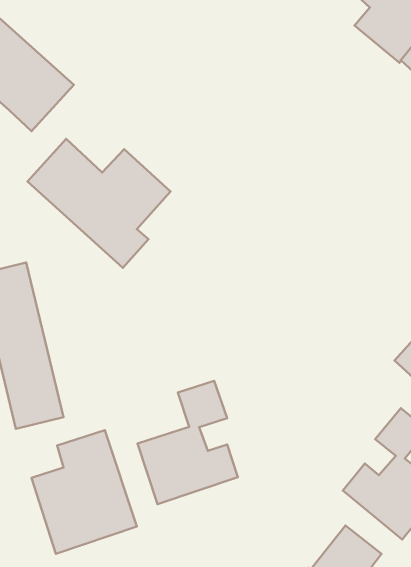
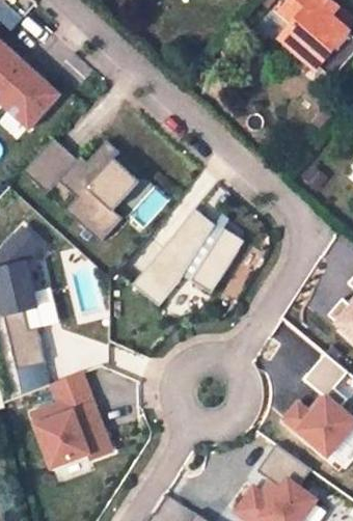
building: none -> [135,204,245,304]
building: [137,381,238,504] -> none

